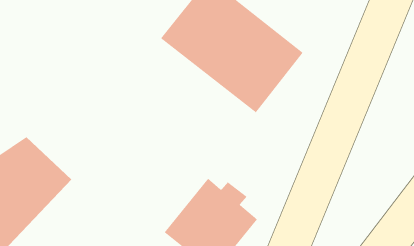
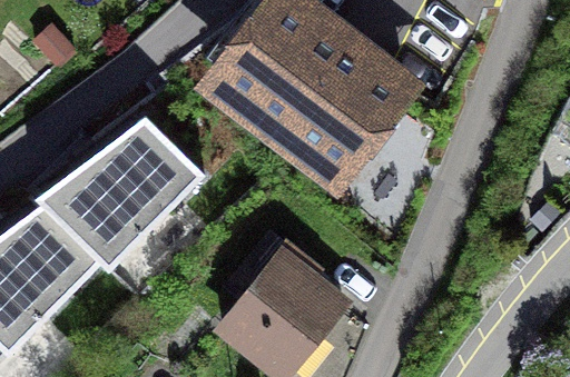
building: none -> [40,115,204,266]

